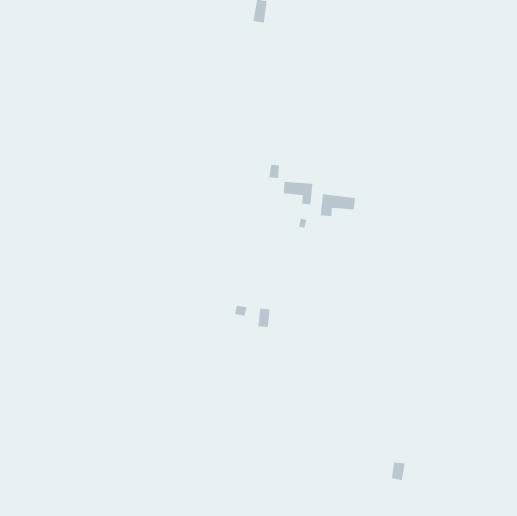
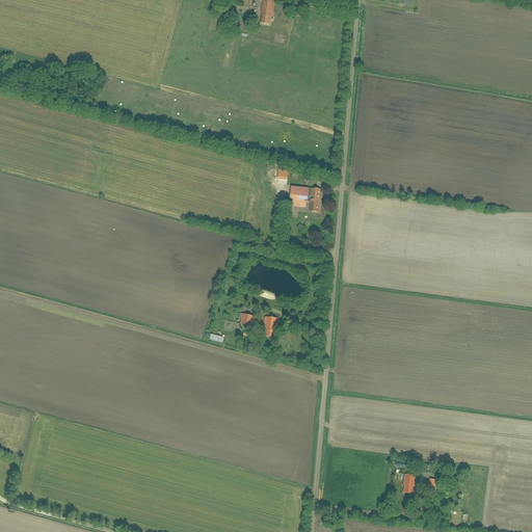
building: [320,194,355,217] -> none

